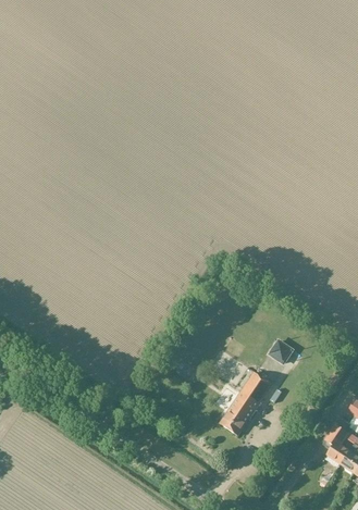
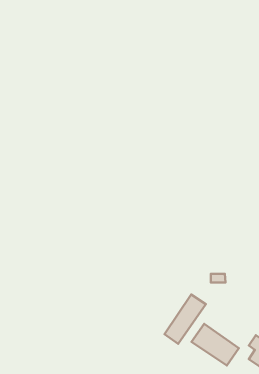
building: none -> [191,324,239,366]

